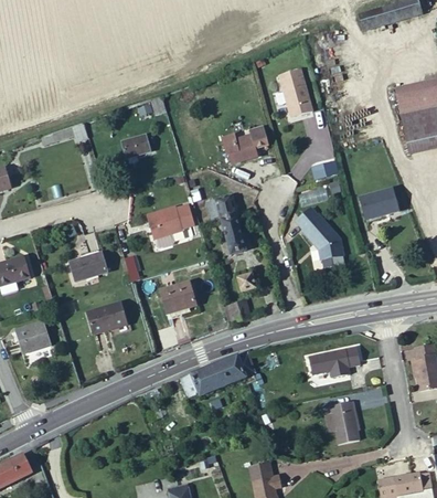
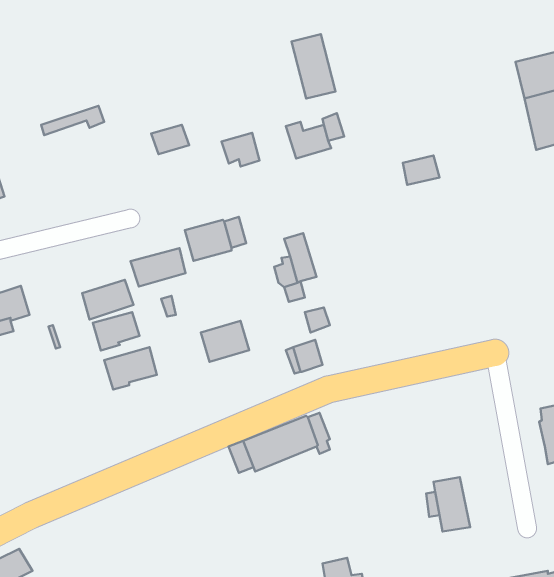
building: [279,68,312,117] -> [292,34,336,99]
building: [354,187,398,219] -> none
building: [207,195,236,221] -> [221,133,259,166]
building: [297,206,343,258] -> none
building: none -> [130,248,186,287]
building: none -> [93,312,139,350]
building: [15,324,51,356] -> none
building: [309,347,362,377] -> none

